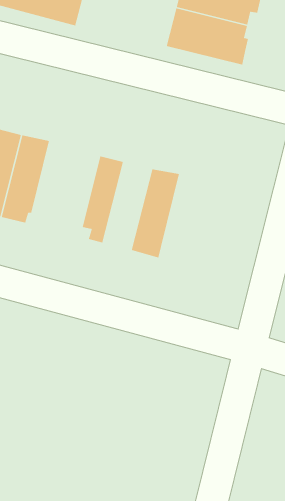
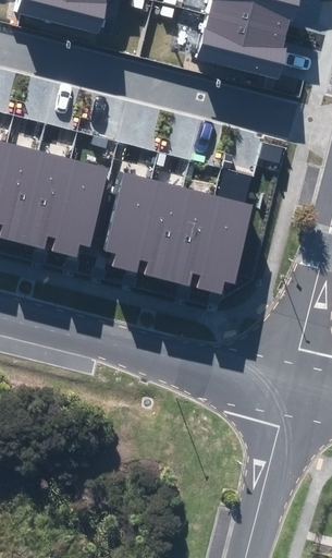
building: none -> [50,158,109,256]
building: none -> [127,181,181,278]
building: none -> [192,194,254,292]

